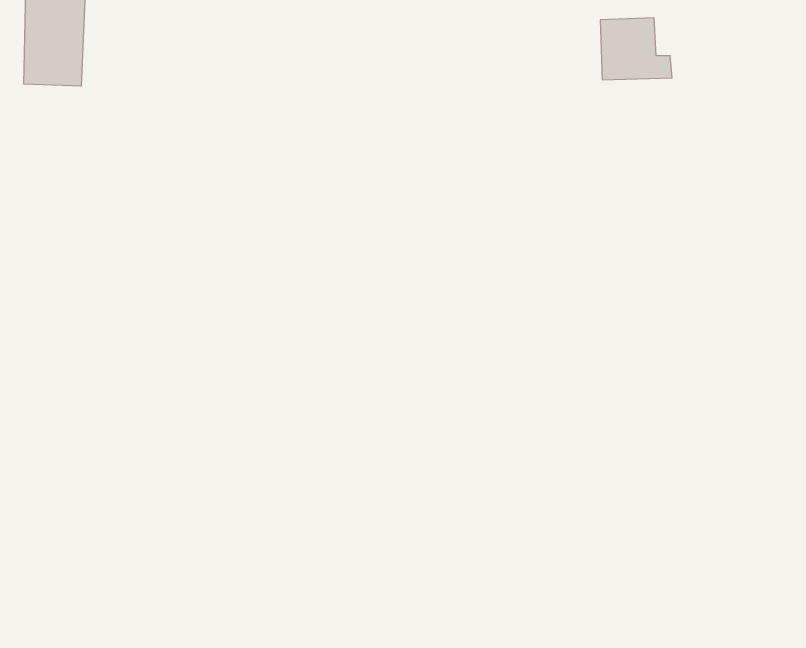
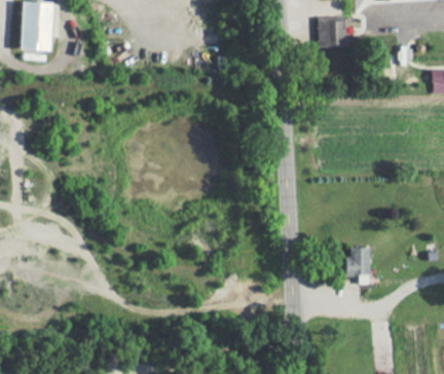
building: none -> [346,247,370,284]

